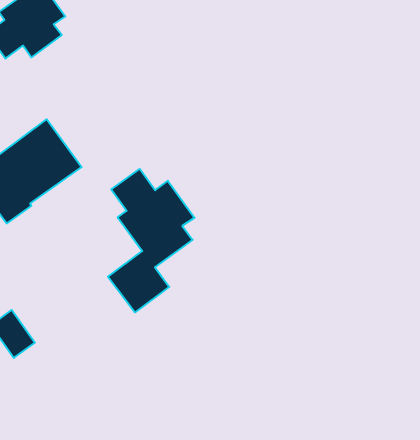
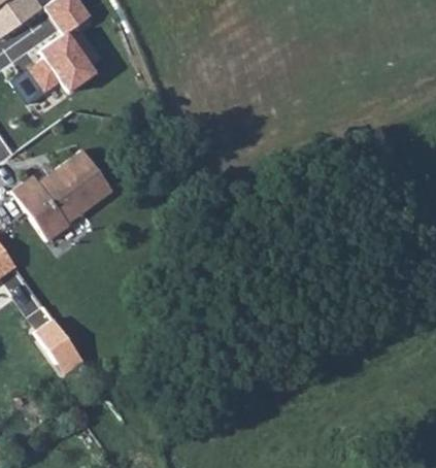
building: [108,169,195,312] -> none

